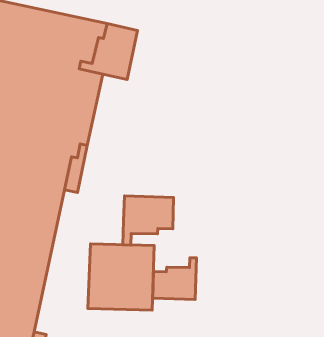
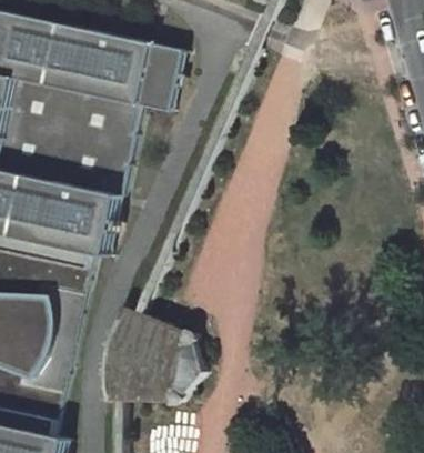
building: [123,196,173,245] -> none
building: [153,258,197,300] -> none

